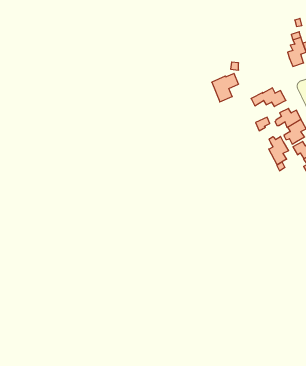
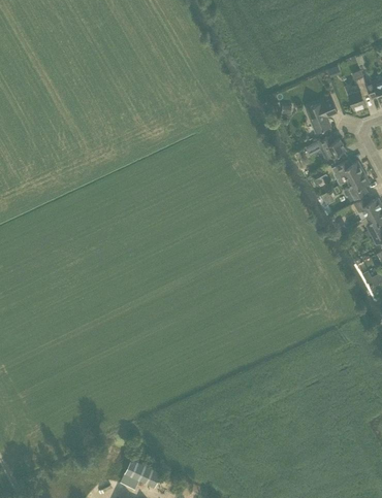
building: [212,73,239,102] -> [306,98,337,131]
building: [269,136,289,165] -> none

